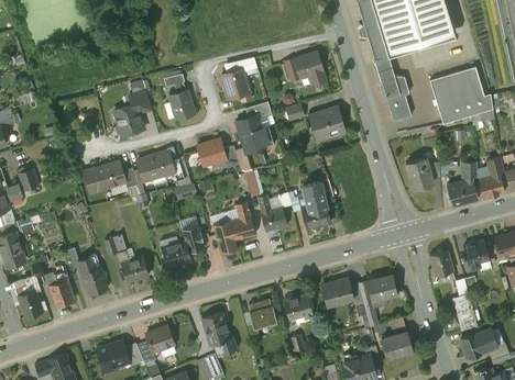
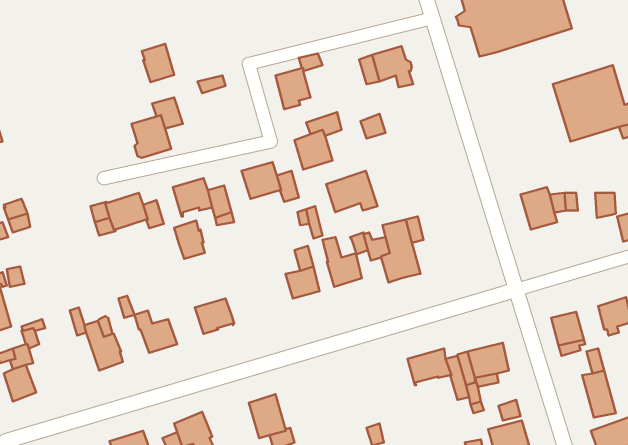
building: [375,56,412,121] -> none
building: [171,90,195,119] -> [142,44,174,82]
building: [308,105,347,136] -> [326,171,378,212]
building: [447,178,479,206] -> none
building: [212,221,238,253] -> none
building: [182,224,205,253] -> [174,221,205,259]
building: [50,271,75,305] -> none
building: [284,293,313,318] -> none
building: [249,299,276,326] -> none

